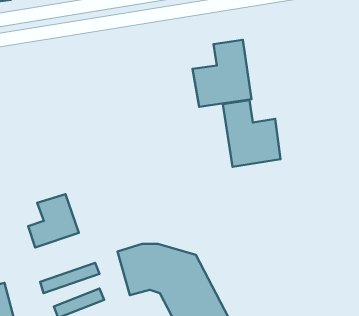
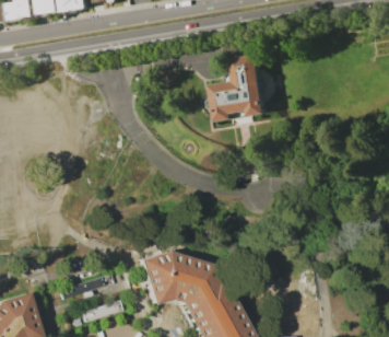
building: [223,100,280,167] -> none
building: [28,194,79,248] -> none

